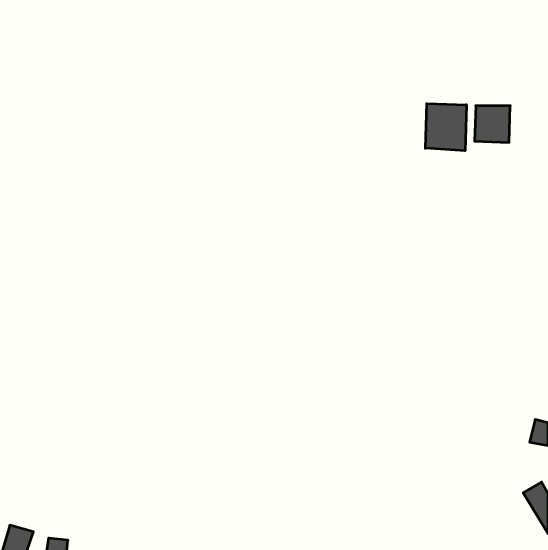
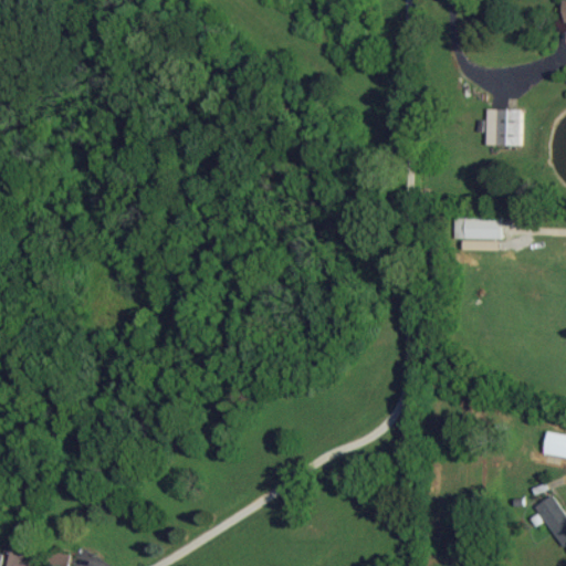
building: [425,104,466,151] -> none
building: none -> [454,217,501,240]

